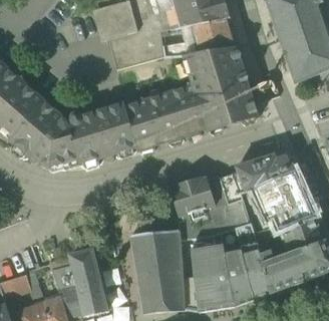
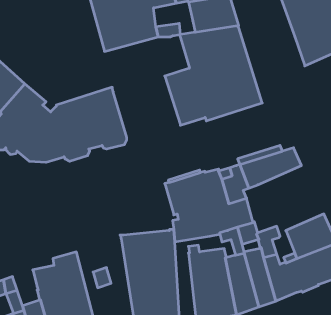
building: [124,91,185,150] -> none
building: [254,172,313,230] -> none

